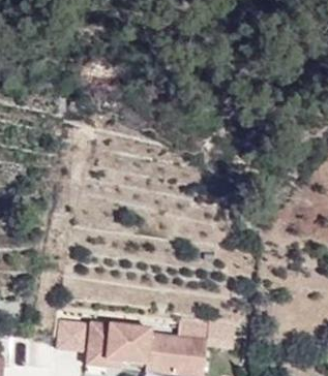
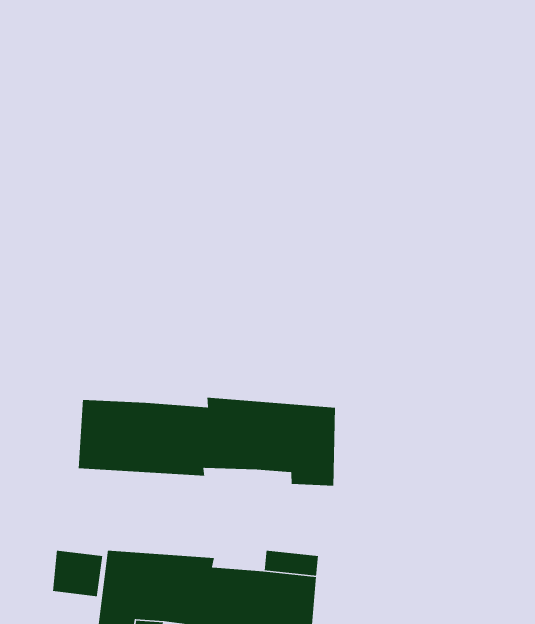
building: none -> [78,397,336,487]

